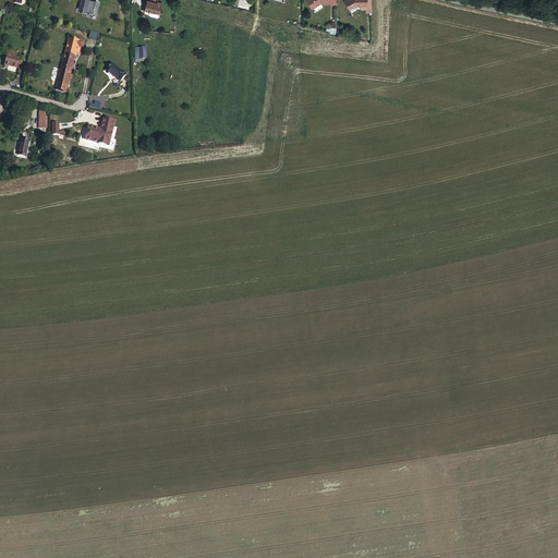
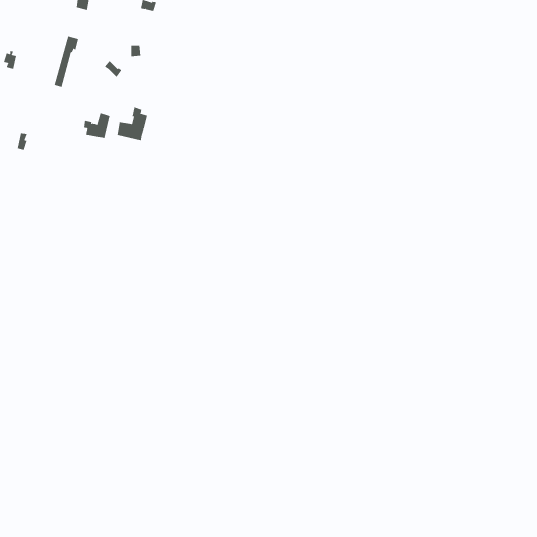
building: none -> [117,107,148,141]

